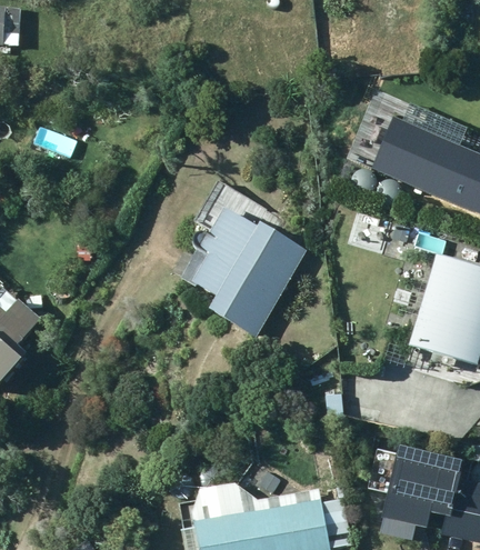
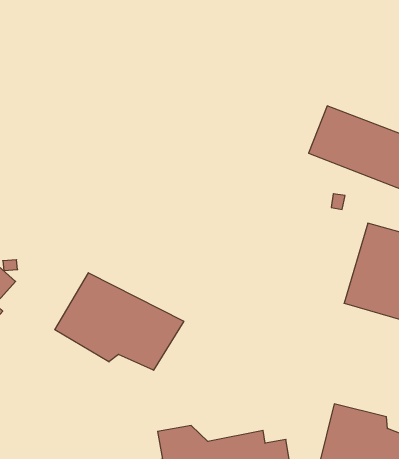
building: [191,204,307,336] -> none
building: none -> [55,273,184,370]

